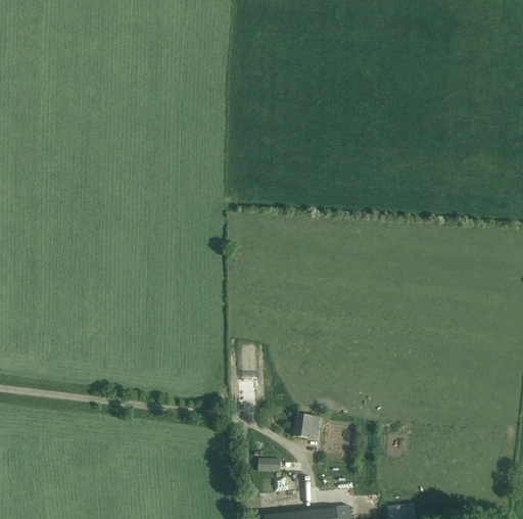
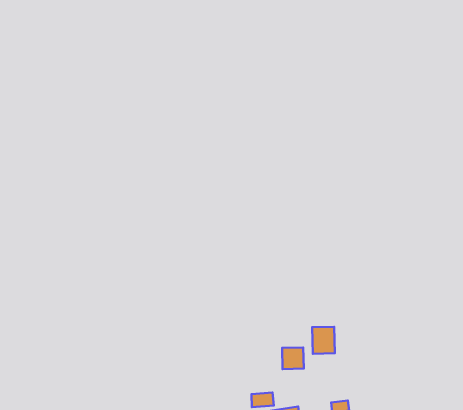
building: none -> [312,327,335,354]

